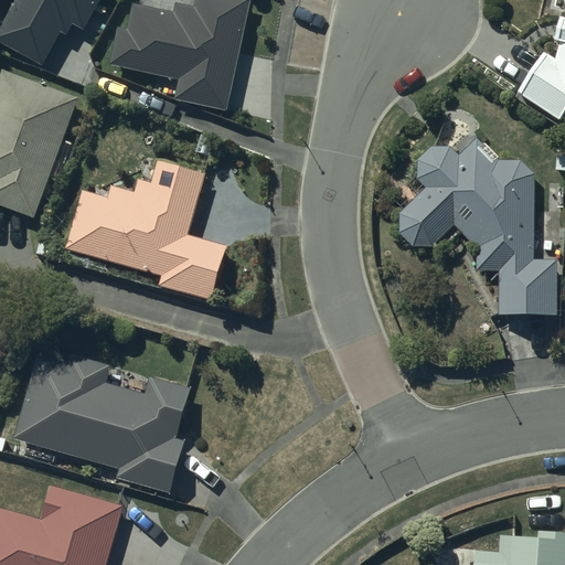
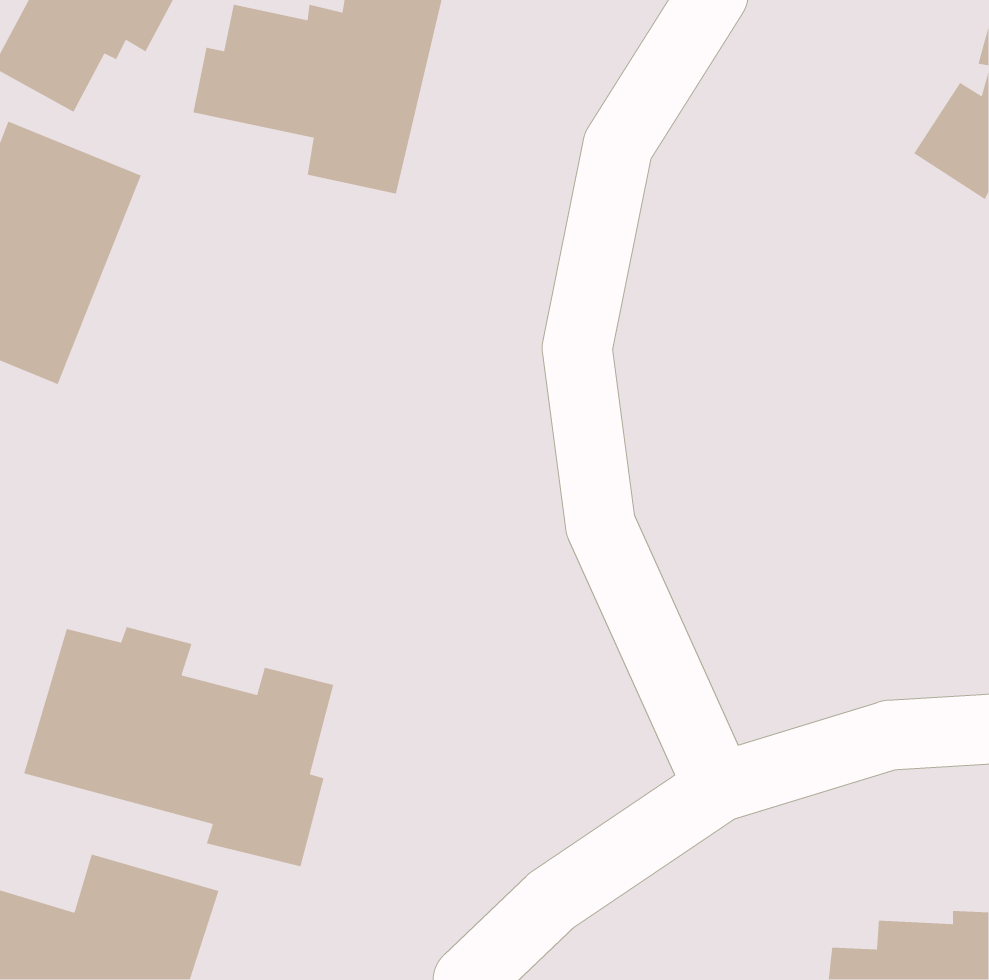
building: [399,139,555,316] -> none
building: [63,160,226,301] -> none

